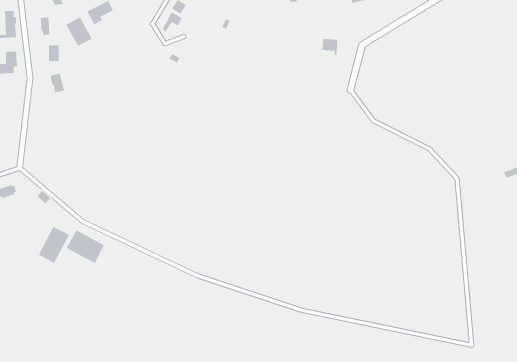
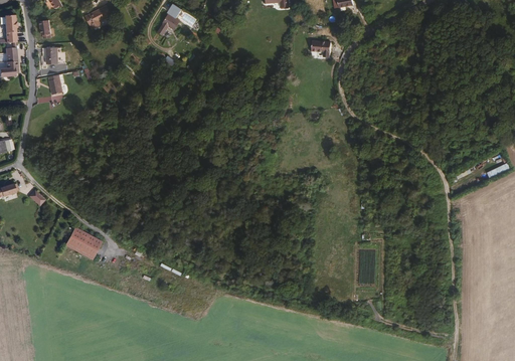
building: [66,16,92,46] -> none
building: [38,226,70,264] -> none

